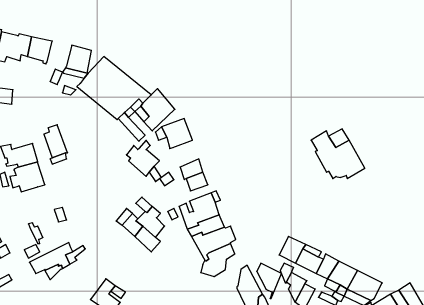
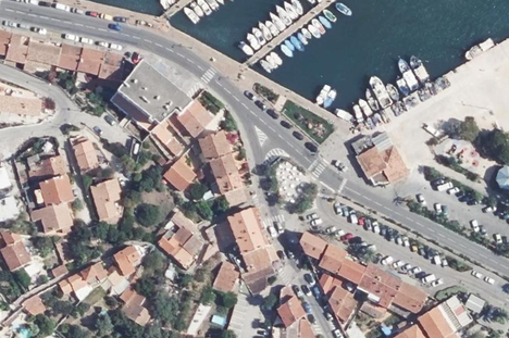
building: none -> [76,47,102,73]
building: none -> [209,151,236,179]
building: none -> [89,178,117,218]
building: none -> [40,200,73,230]
building: none -> [112,242,142,273]
building: none -> [213,259,240,292]
building: [257,263,281,298] -> [301,239,327,276]

